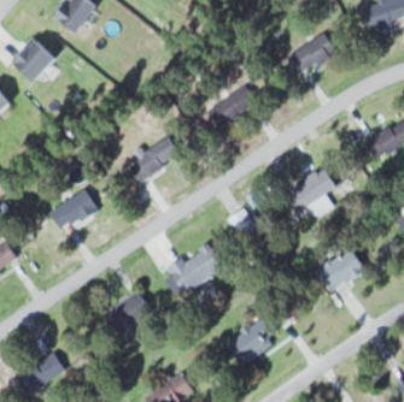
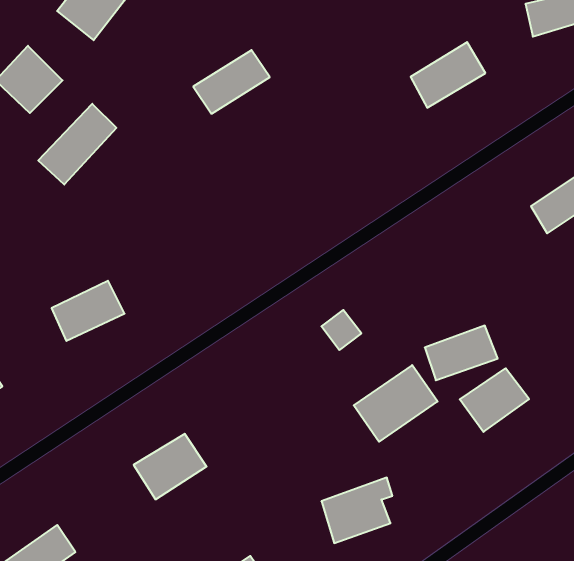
building: none -> [38,104,116,185]
building: [206,87,257,129] -> [193,50,270,114]
building: [129,137,180,182] -> none
building: [287,171,335,207] -> [425,326,498,380]
building: [168,243,223,294] -> [354,365,438,442]

